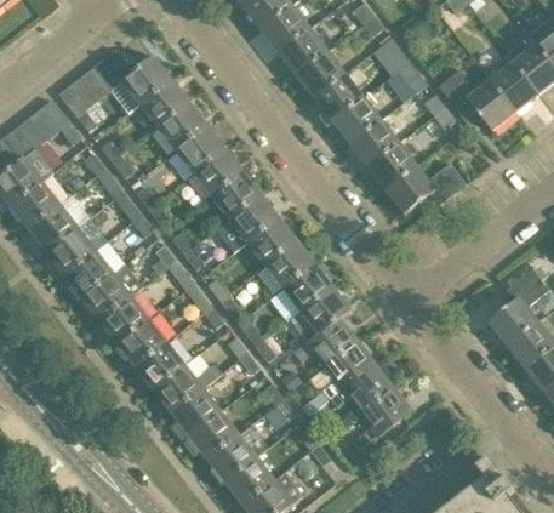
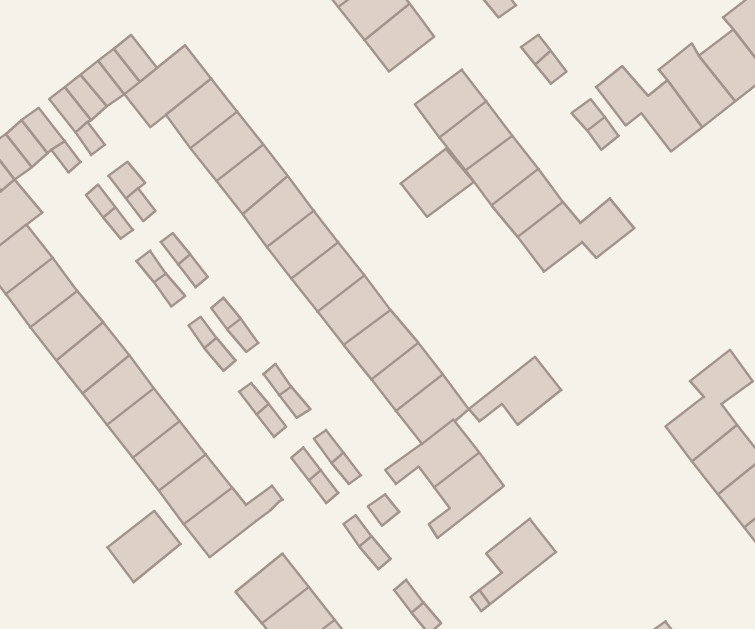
building: [295,50,345,97] -> [401,149,474,217]
building: [329,363,393,410] -> [469,357,561,425]
building: [170,387,221,437] -> [107,511,181,582]

